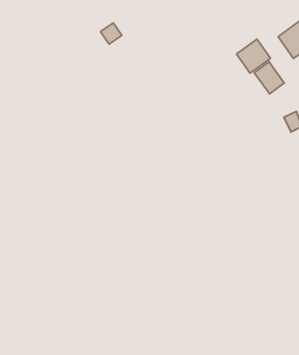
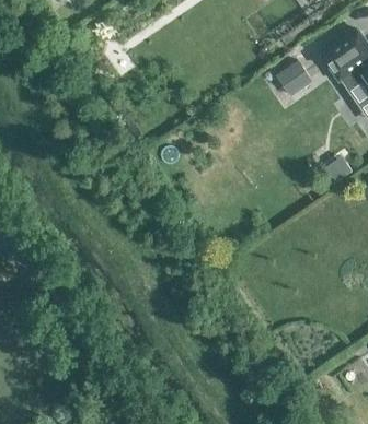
building: [254,62,284,94] -> none

